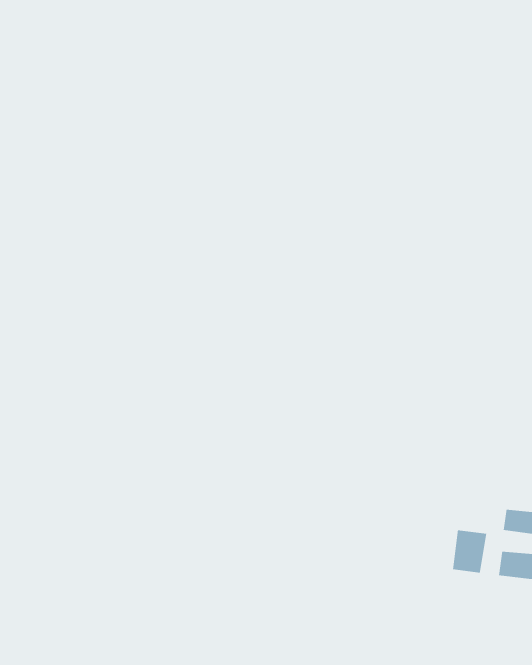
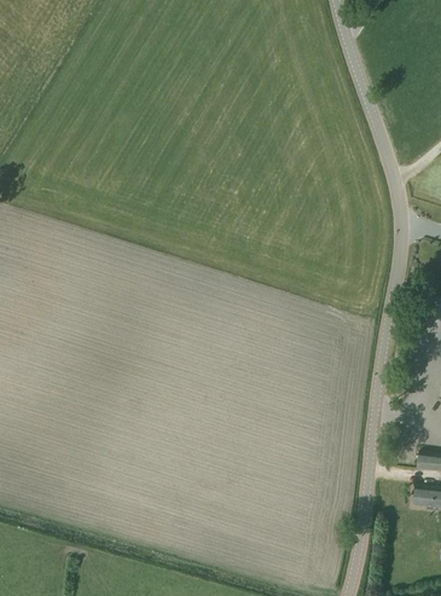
building: [453,529,487,573] -> none

